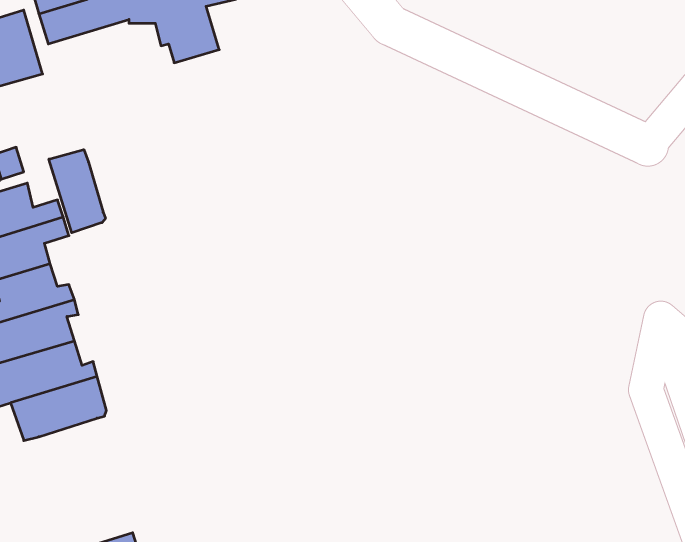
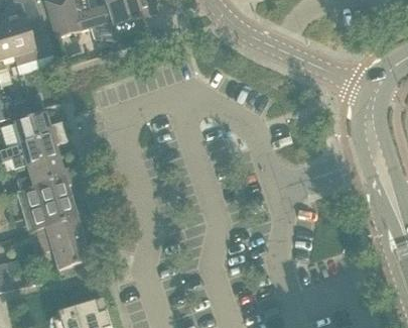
building: [49,150,105,233] -> none
building: none -> [51,236,90,277]

